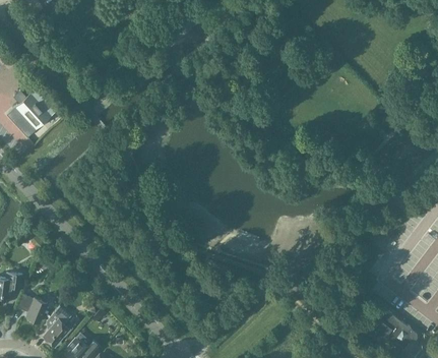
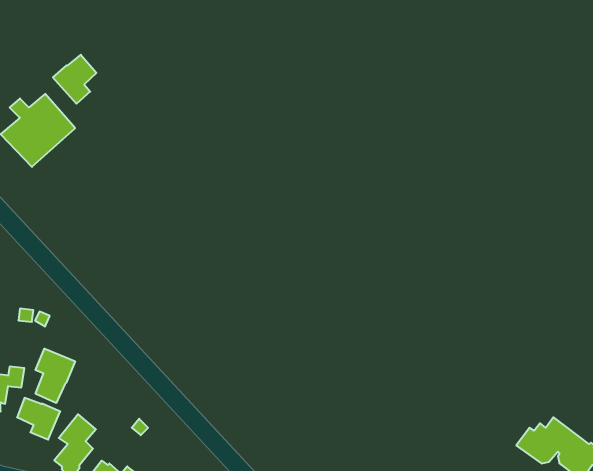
building: none -> [53,55,96,104]
building: none -> [35,349,75,403]

